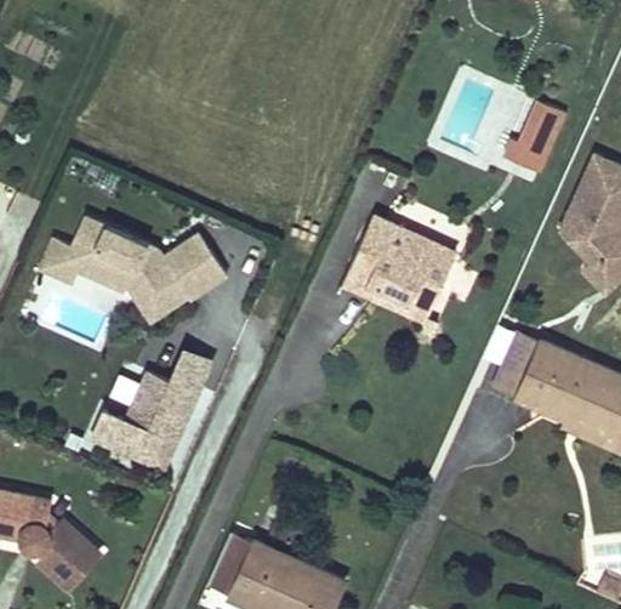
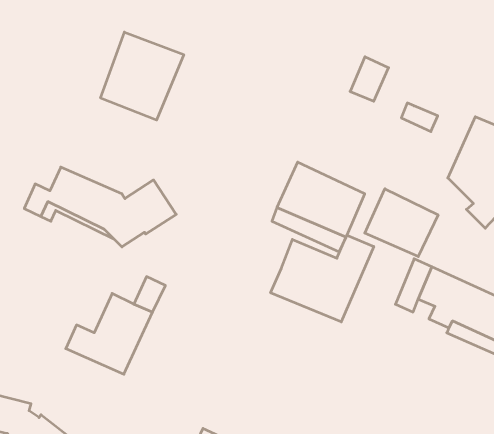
building: none -> [101,32,184,120]
building: [518,99,565,154] -> [350,57,389,101]
building: none -> [365,189,438,257]
building: none -> [271,235,374,322]

